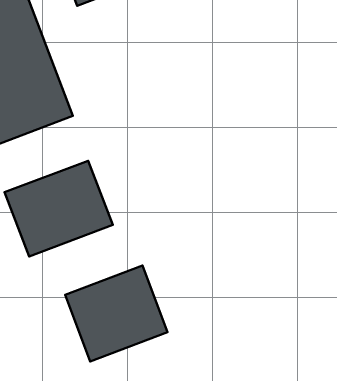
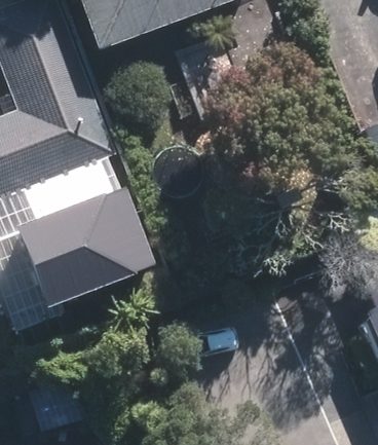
building: [65,266,168,361] -> none

